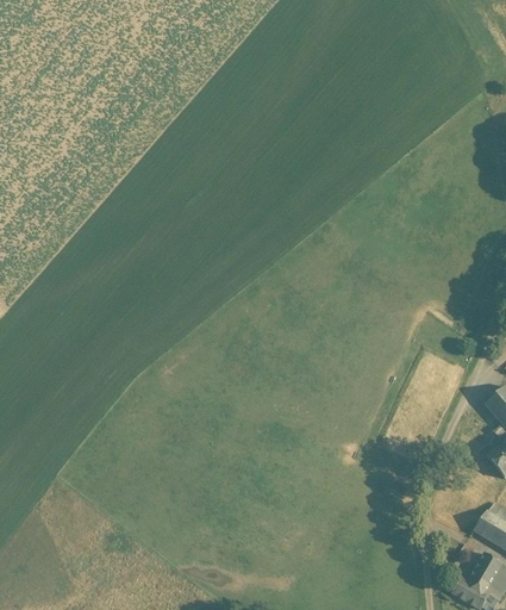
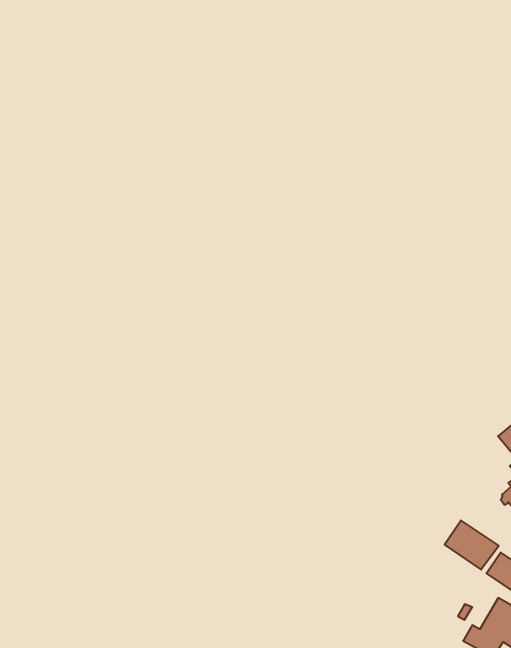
building: none -> [445,520,499,570]

